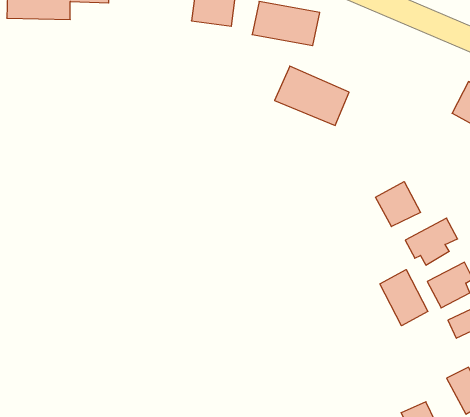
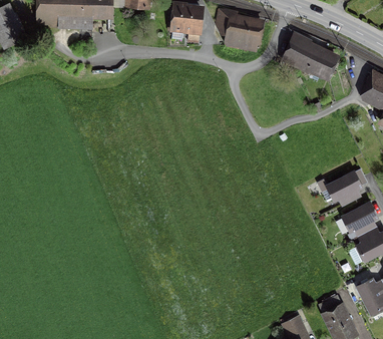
building: [275,66,349,125] -> [283,34,337,77]
building: [376,182,421,227] -> none
building: [380,270,428,326] -> none

